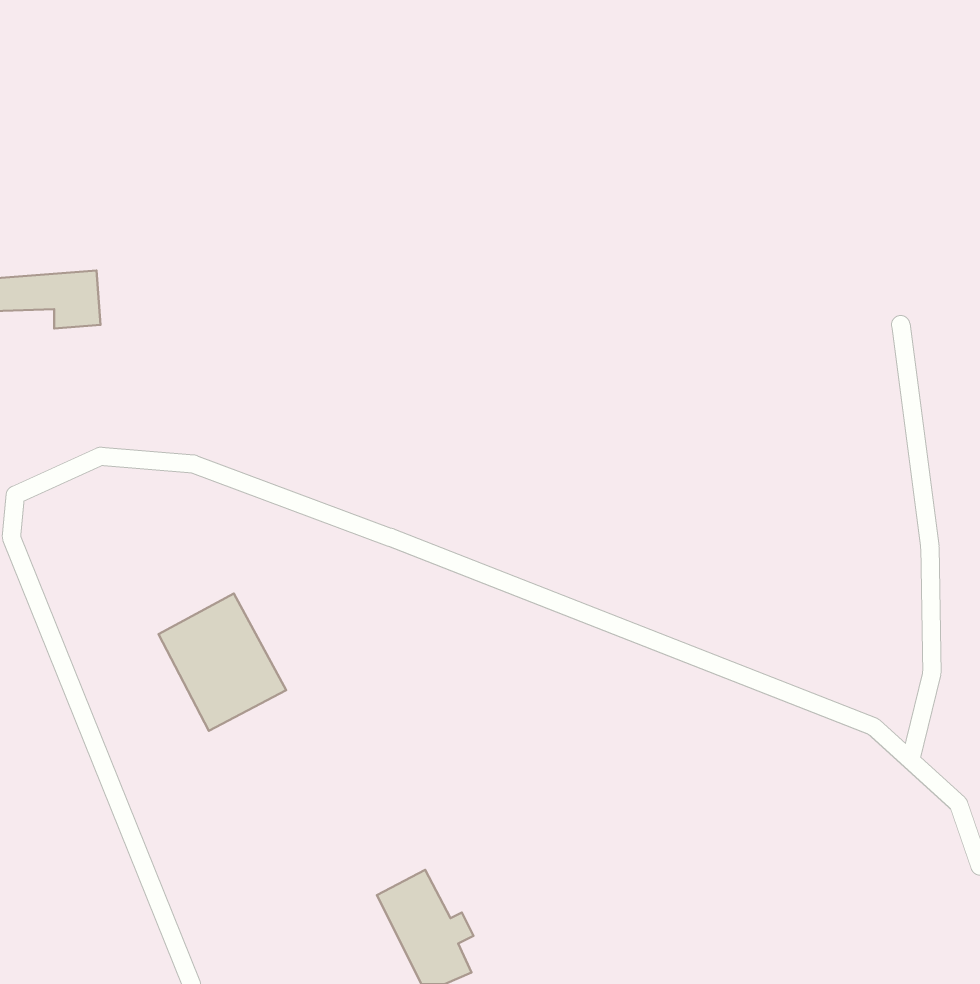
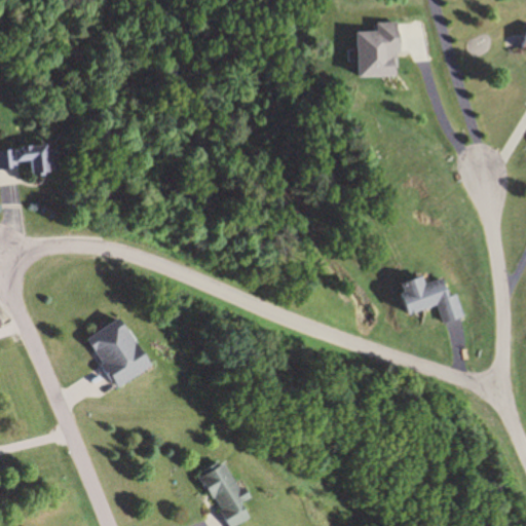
building: none -> [356,21,399,76]
building: none -> [398,275,460,321]

